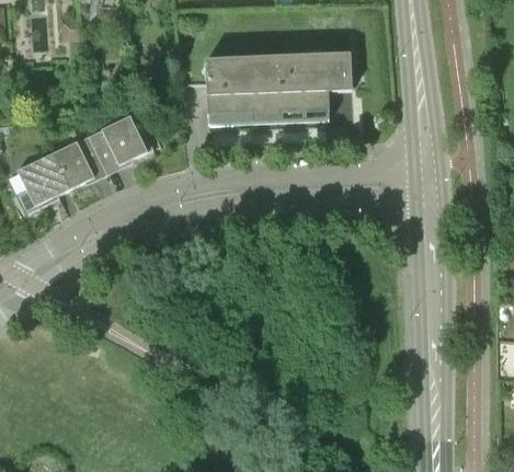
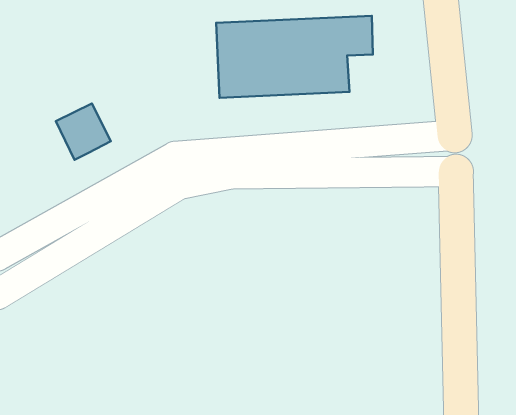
building: [89,114,153,170] -> none
building: [18,151,72,211] -> none

